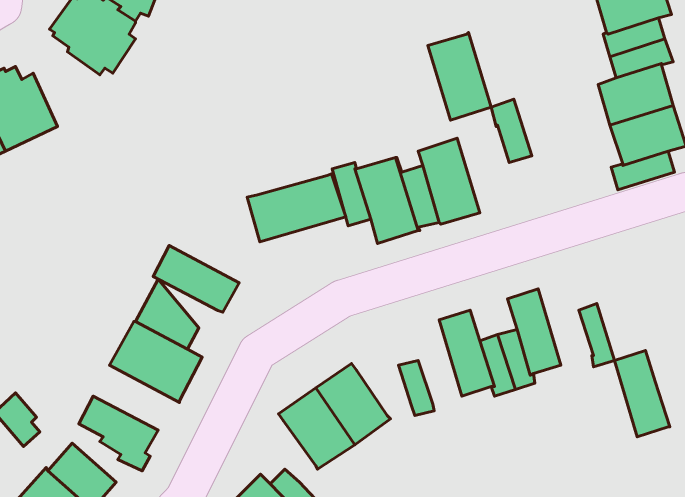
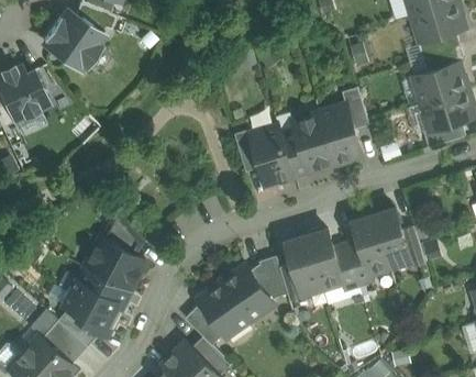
building: [428,33,491,120] -> [319,106,362,165]
building: [247,174,346,242] -> none
building: [153,246,239,312] -> [73,268,131,313]
building: none -> [286,237,322,295]
building: none -> [251,257,288,302]
building: [615,351,670,437] -> [374,210,411,268]
building: none -> [185,306,223,347]

